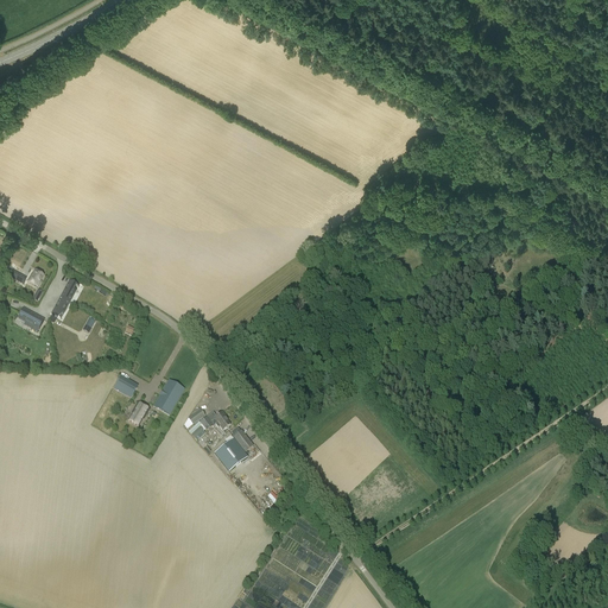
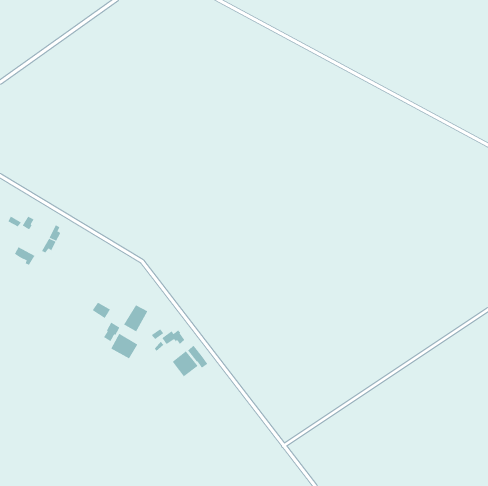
building: none -> [111,333,138,359]

